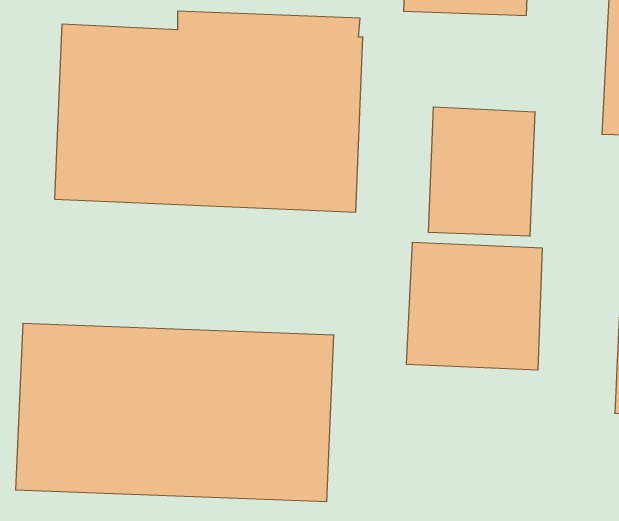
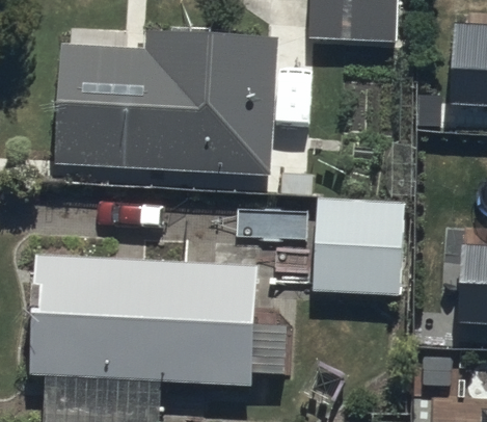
building: [428,107,535,236] -> none

